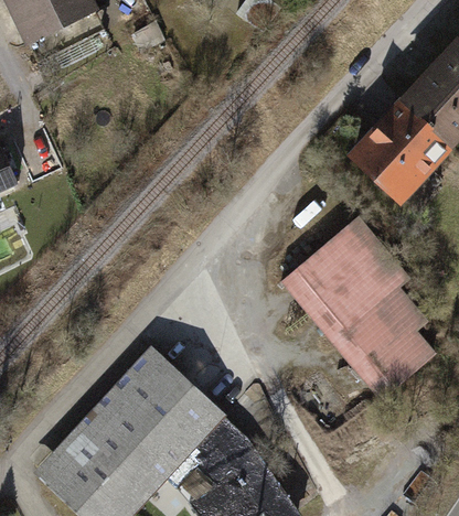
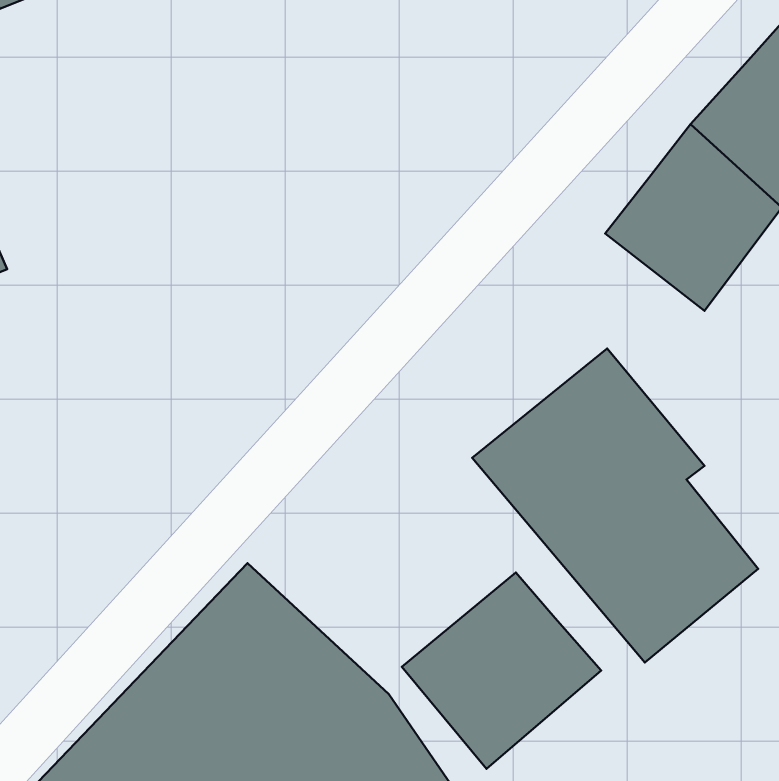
building: none -> [402,572,601,769]

